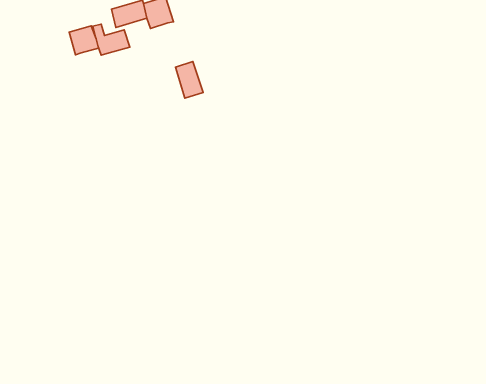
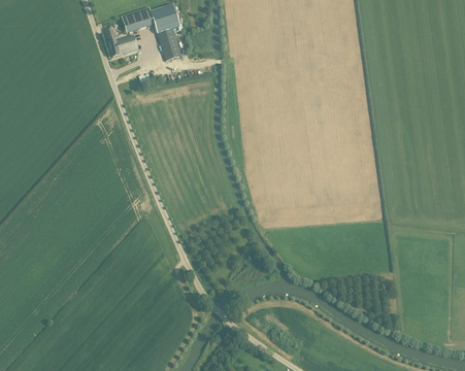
building: [69,26,98,55] -> none
building: [176,61,203,98] -> [158,28,182,61]

